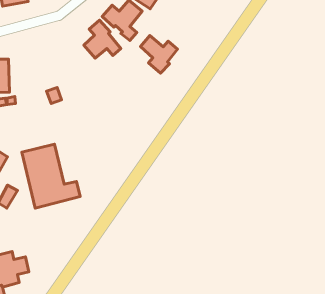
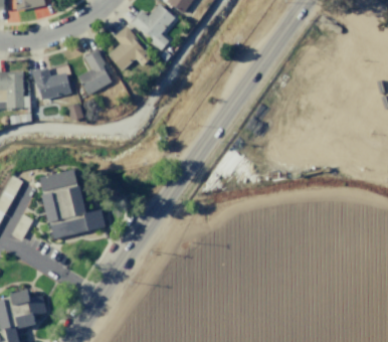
building: [140,36,177,73] -> none
building: none -> [77,48,112,95]
building: none -> [31,66,70,100]

